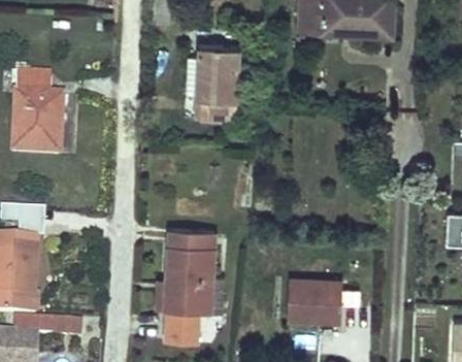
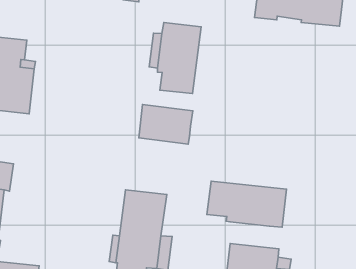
building: none -> [139,105,193,144]
building: none -> [207,181,287,227]

